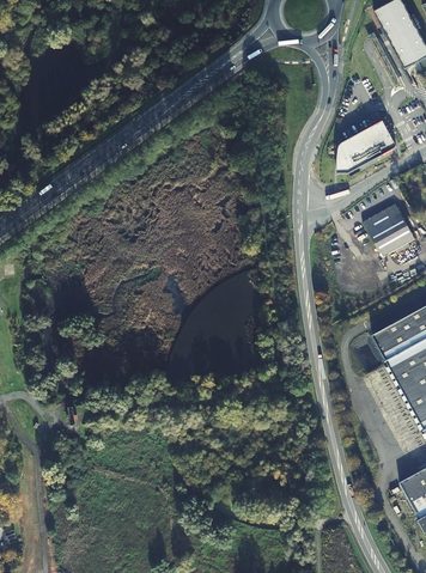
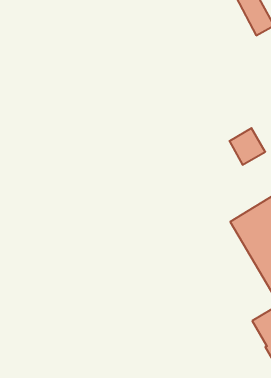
building: [336,117,396,170] -> none

